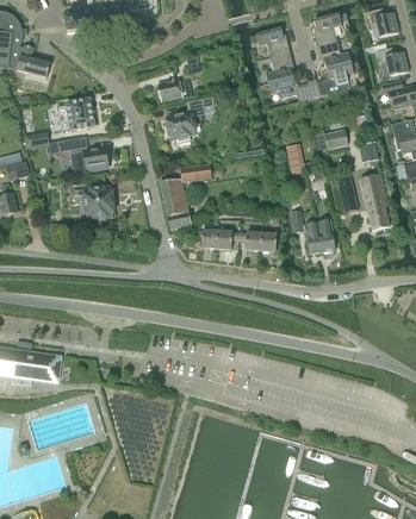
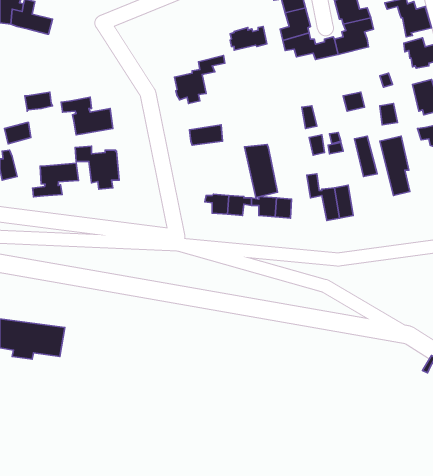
building: [157,77,192,100] -> [230,26,267,50]
building: [55,96,95,131] -> none
building: [160,177,191,227] -> [245,144,277,197]
building: none -> [32,163,78,197]

